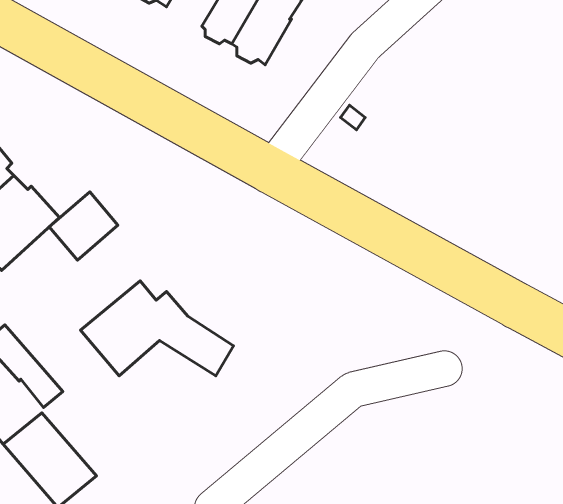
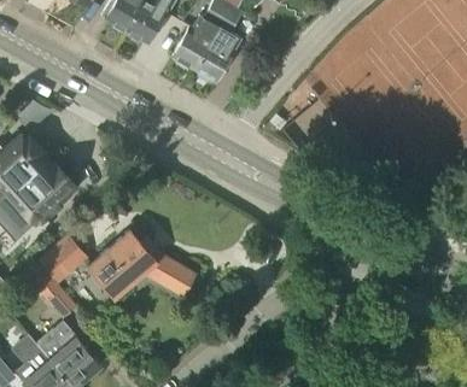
building: [49,192,118,260] -> [40,234,87,281]

